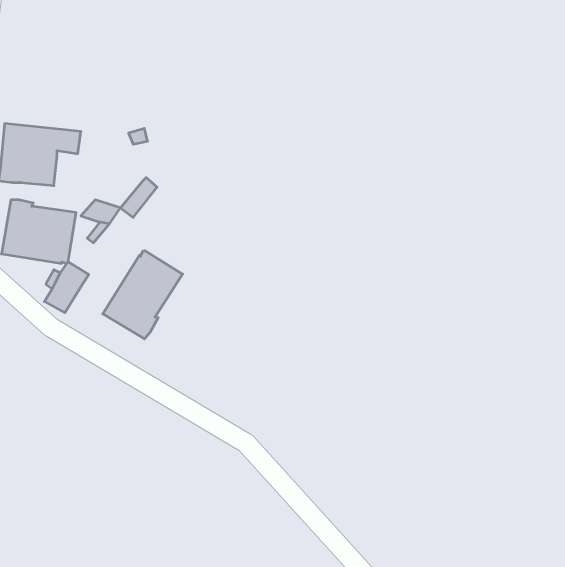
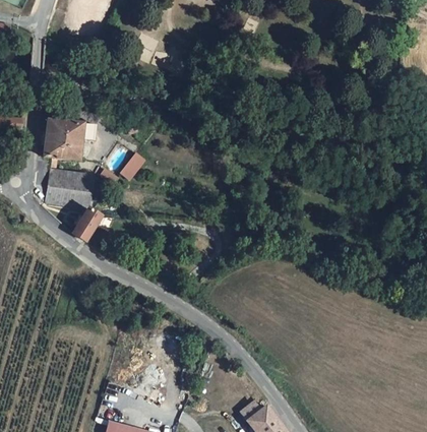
building: [103,251,183,339] -> none

